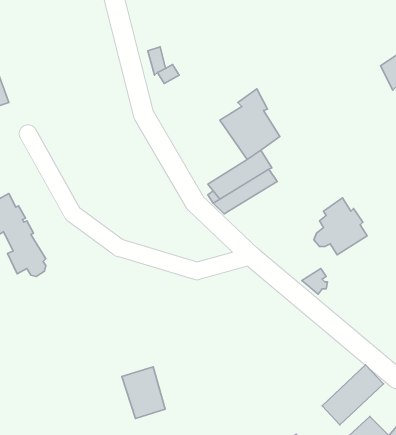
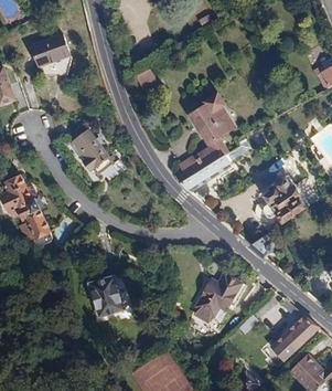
building: none -> [32,35,72,67]
building: none -> [71,129,111,177]
building: none -> [196,275,242,319]
building: [122,367,165,419] -> [89,275,125,317]

